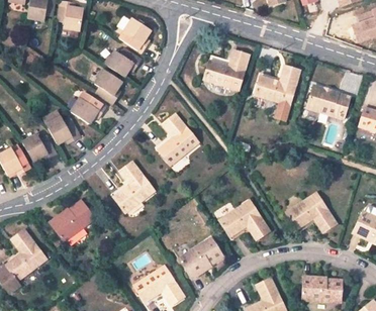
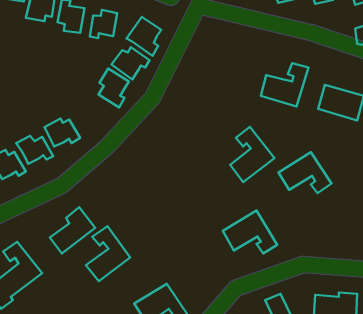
building: none -> [90,10,117,38]
building: [202,48,247,89] -> none
building: [77,94,112,122] -> none
building: [159,113,200,165] -> [230,127,275,182]
building: [113,161,155,212] -> [86,226,130,281]
building: [285,194,335,232] -> [278,152,332,193]
building: [179,238,223,275] -> none

